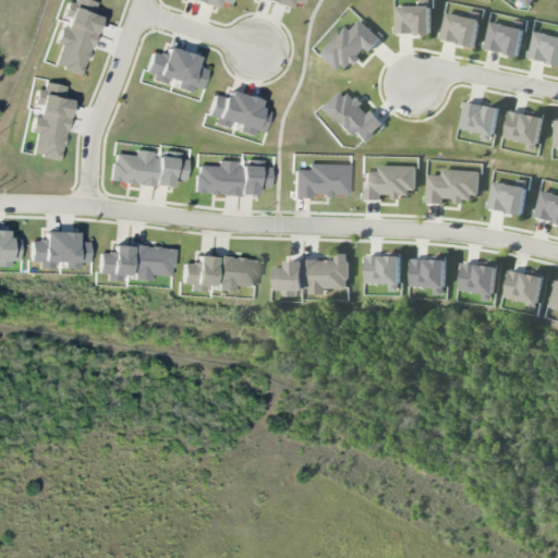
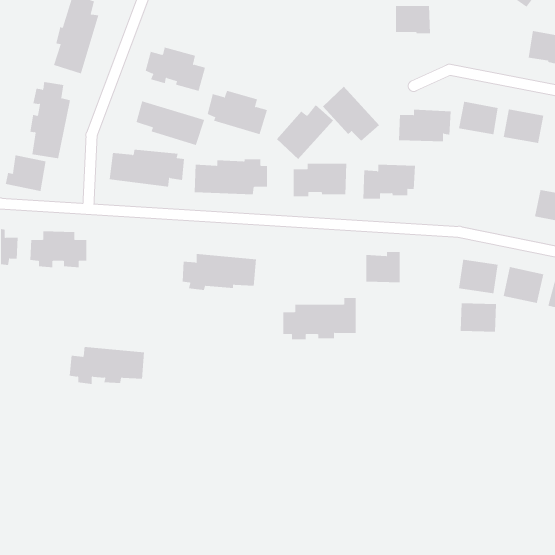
building: [441,12,482,47] -> none
building: [322,19,379,74] -> [276,104,334,160]
building: [485,22,525,56] -> none
building: none -> [136,101,205,146]
building: none -> [5,154,46,192]
building: [427,169,481,202] -> [398,109,451,142]
building: [489,182,529,215] -> none
building: [98,243,174,281] -> [69,347,145,385]
building: [275,253,349,295] -> [283,298,357,340]
building: [411,257,448,287] -> [460,303,497,332]

